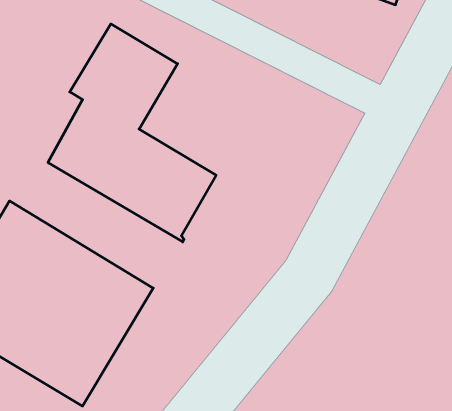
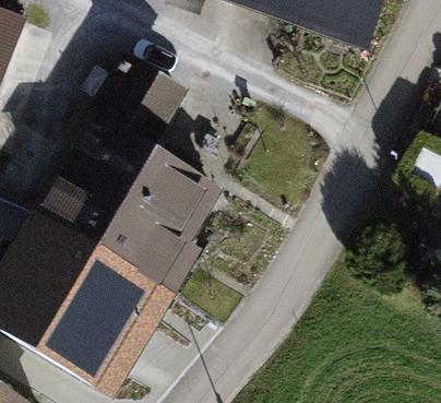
building: none -> [48,179,187,284]

